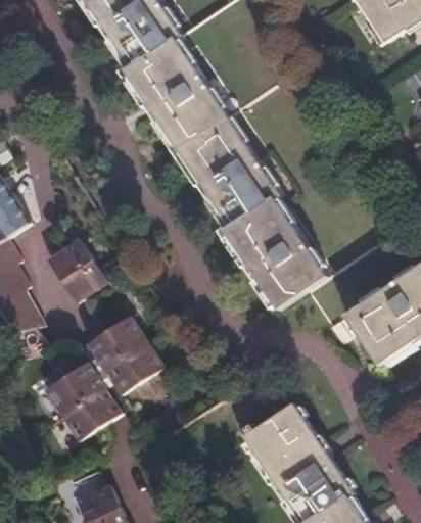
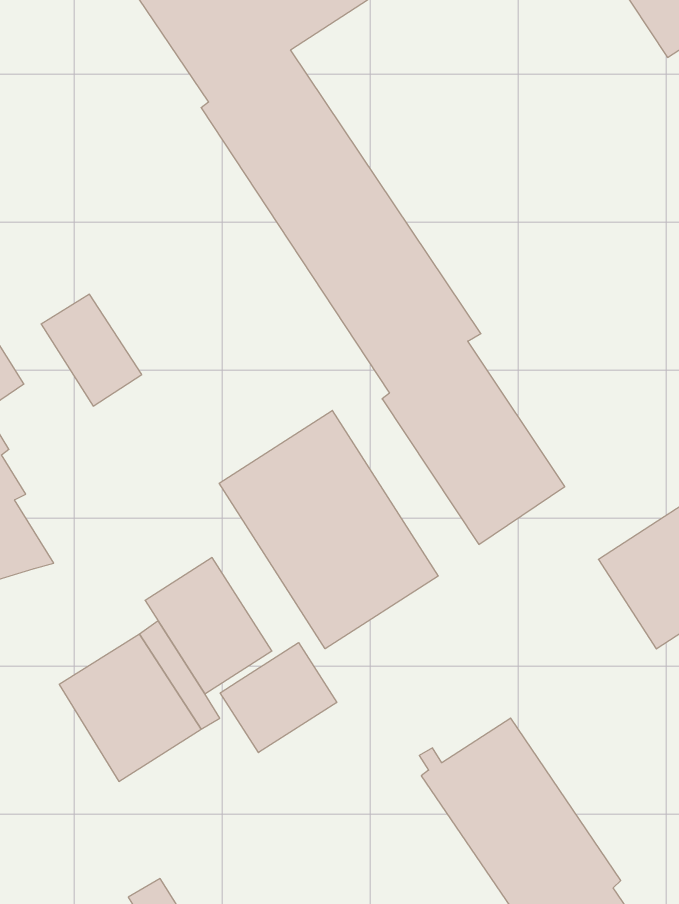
building: none -> [219,410,438,649]
building: [53,237,108,298] -> [41,294,142,406]
building: none -> [220,643,337,753]

